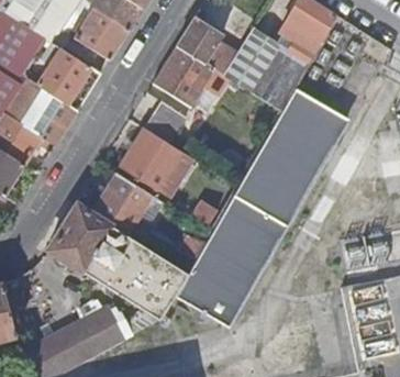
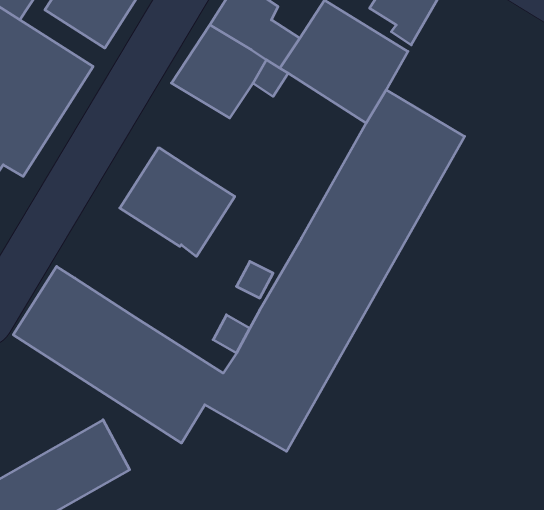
building: [144,101,186,143] -> none
building: [88,171,165,239] -> none

